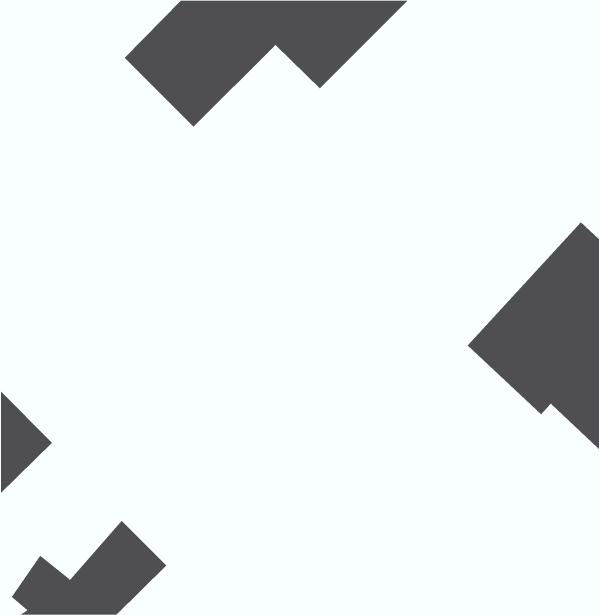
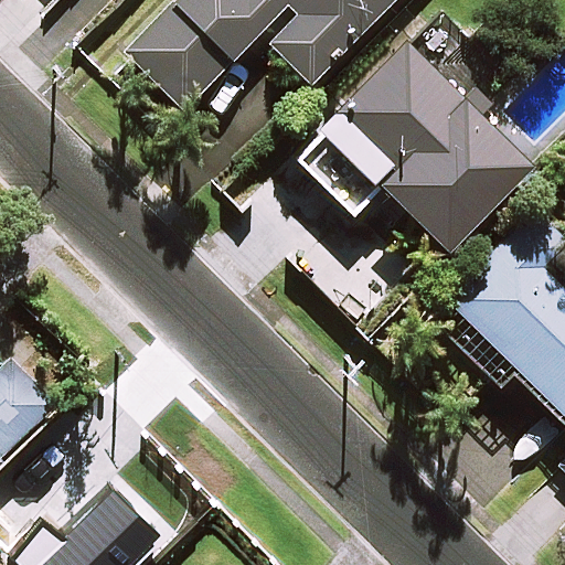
building: none -> [317,44,527,253]

